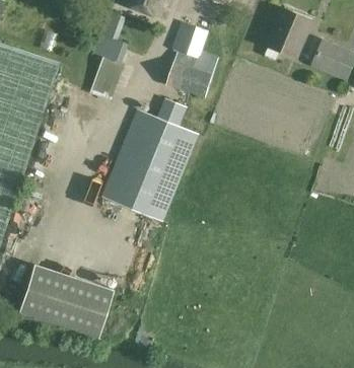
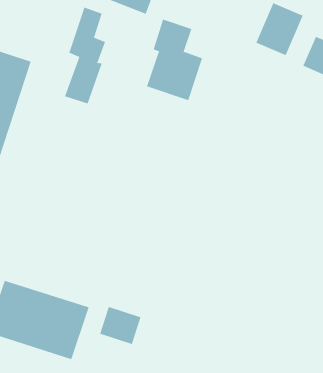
building: [100,98,200,221] -> none
building: none -> [99,306,141,345]

